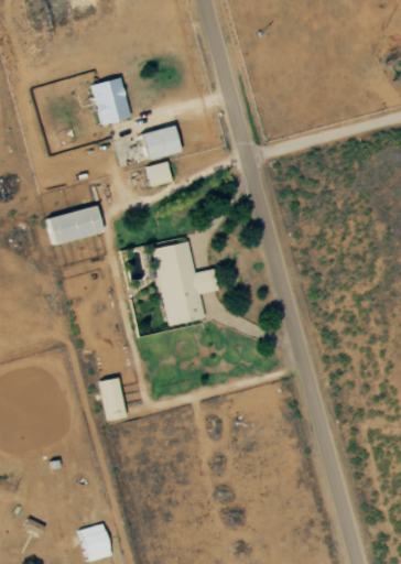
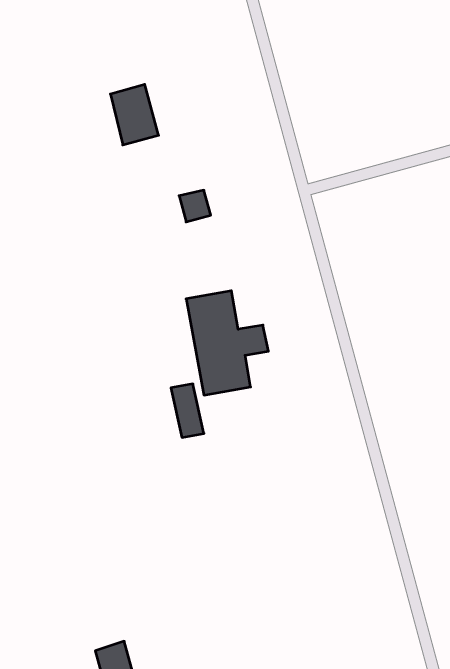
building: [142,124,181,160] -> none
building: [47,205,102,243] -> none
building: [100,377,127,420] -> [171,384,204,437]

